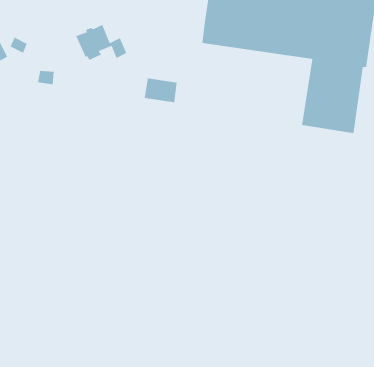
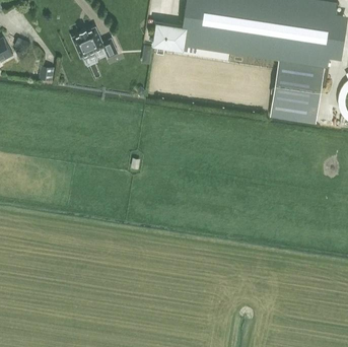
building: [144,78,177,103] -> [154,24,184,47]

